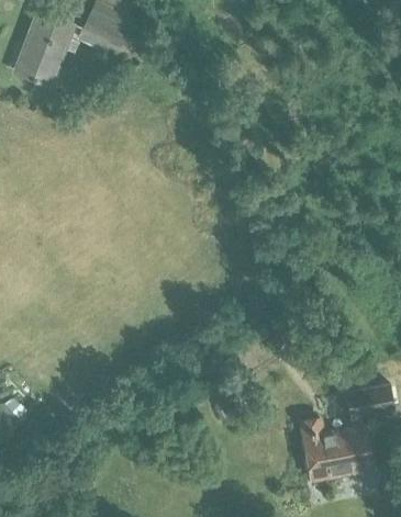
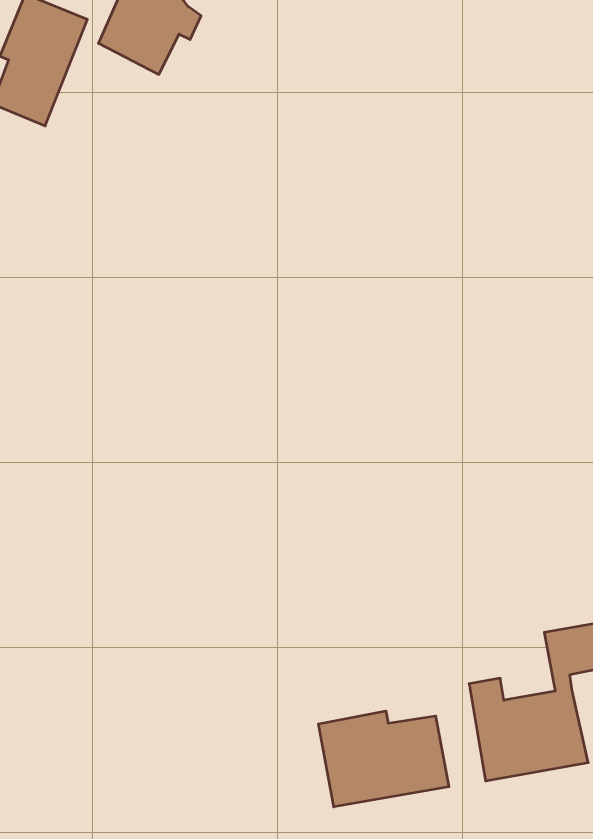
building: none -> [318,711,449,807]

